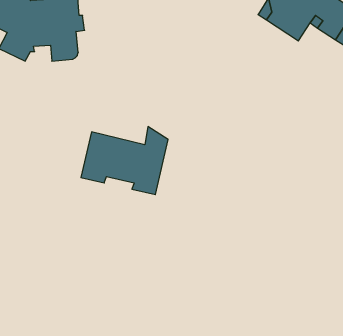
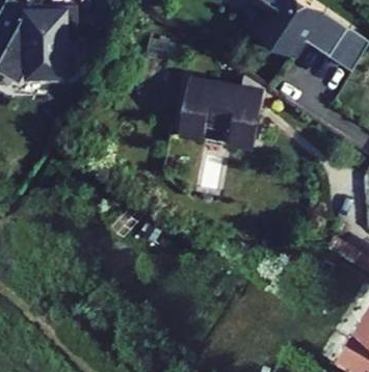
building: [81,127,168,195] -> [177,76,262,142]

